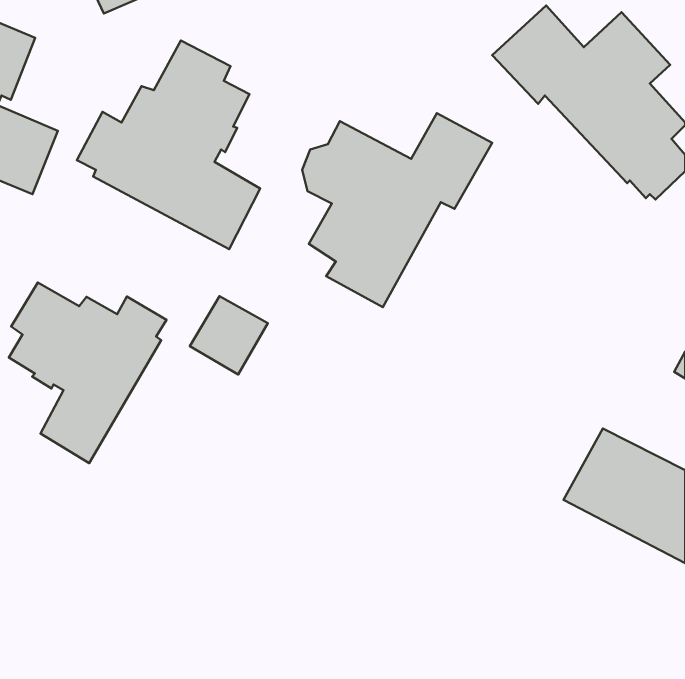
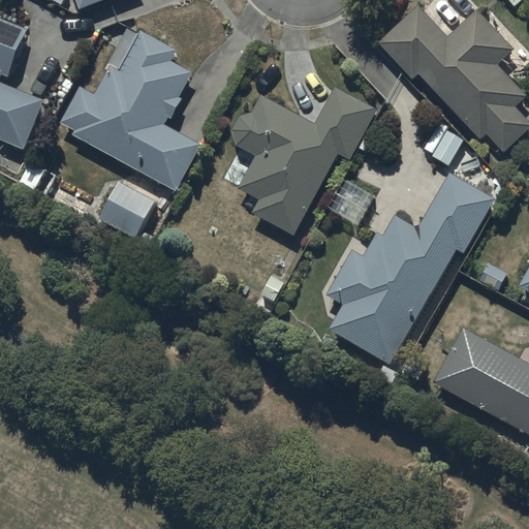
building: none -> [325,173,494,364]
building: [9,282,167,463] -> none
building: [190,296,268,374] -> [96,180,156,240]

